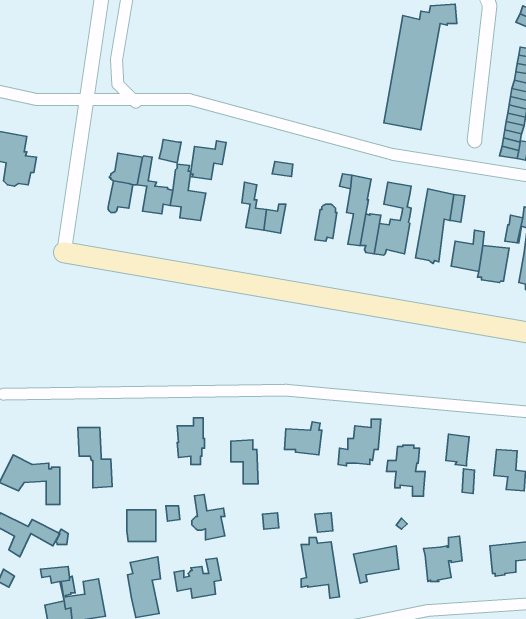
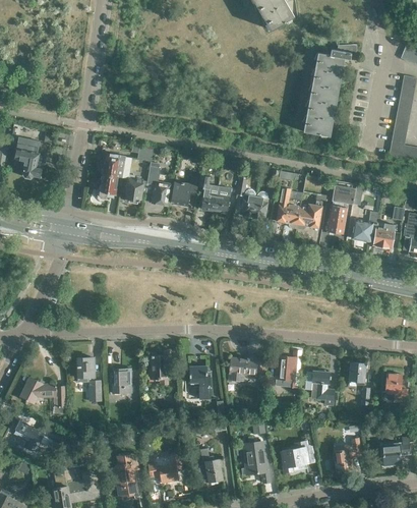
building: [190,141,226,180] -> [172,177,198,206]
building: none -> [237,177,256,218]
building: [192,494,225,540] -> [198,448,223,482]
building: [127,510,156,541] -> [110,369,131,392]

